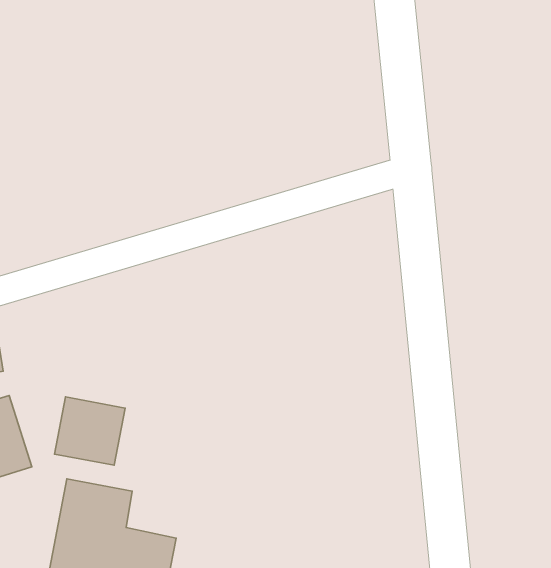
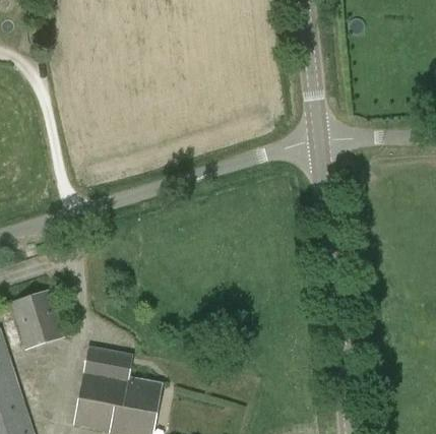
building: [54,397,125,465] -> none

